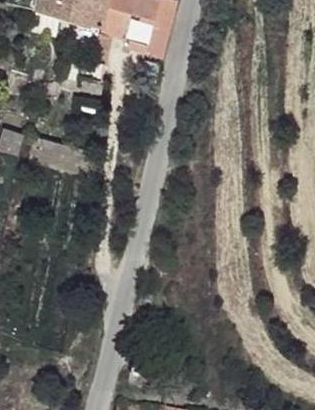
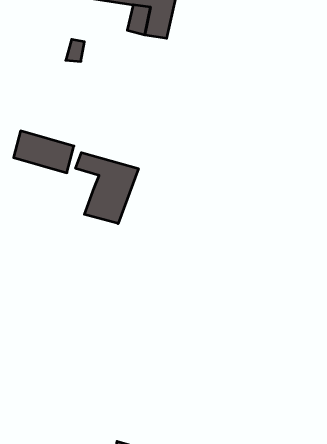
building: none -> [76,153,138,224]

